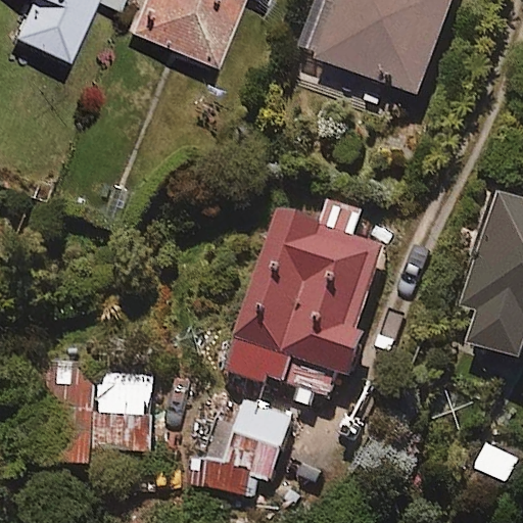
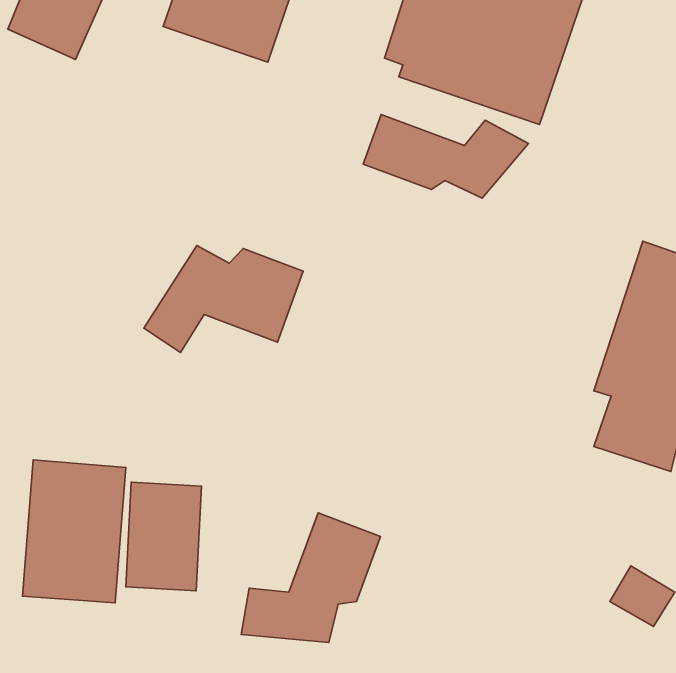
building: none -> [363,114,528,198]
building: none -> [144,245,303,352]
building: [224,191,386,395] -> none

